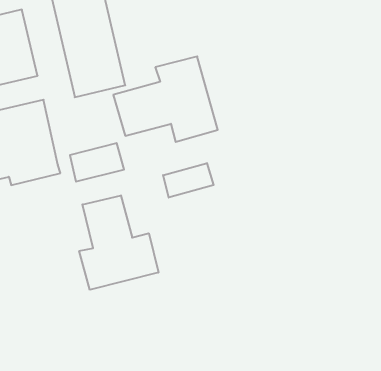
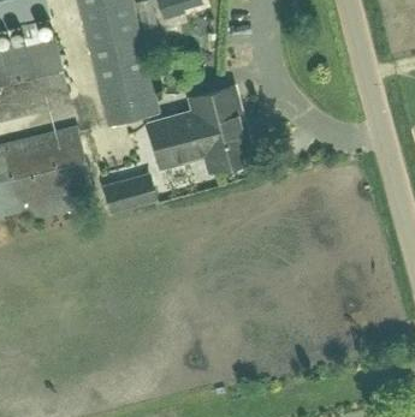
building: [163,163,214,198] -> none
building: [79,195,158,290] -> none

